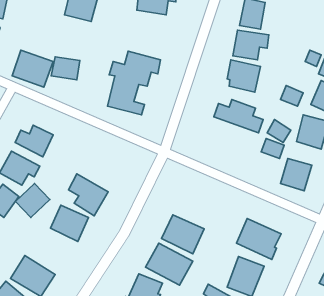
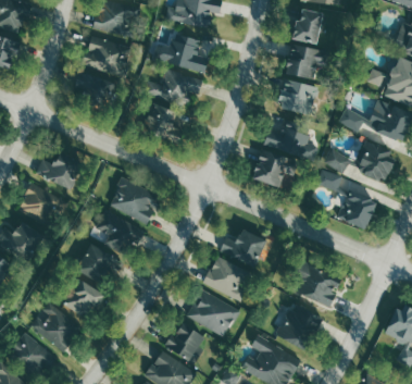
building: none -> [154,34,208,74]
building: [12,50,53,87] -> [82,35,128,77]
building: none -> [251,150,290,188]
building: none -> [109,178,161,225]
building: [15,183,50,218] -> [63,280,102,319]
building: none -> [219,230,266,268]

